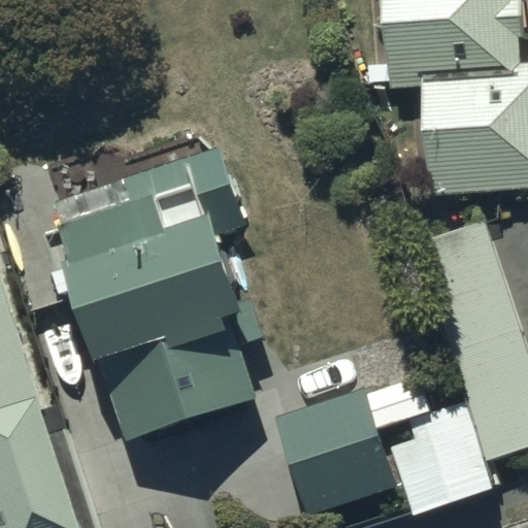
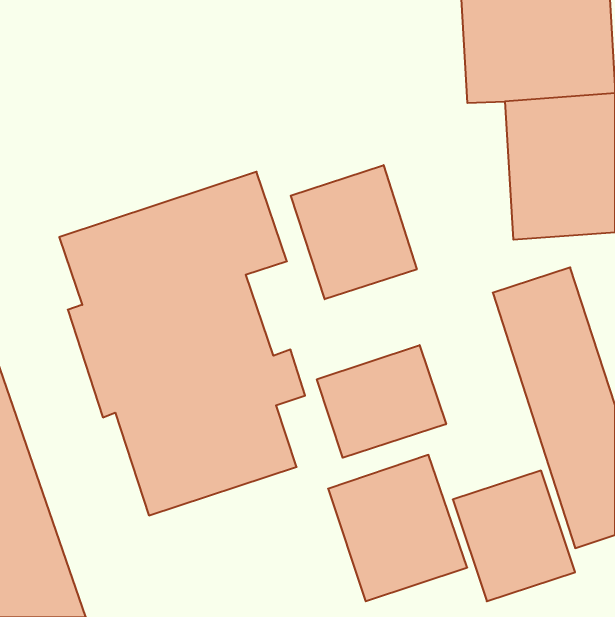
building: none -> [291,165,417,299]
building: none -> [317,345,446,458]

